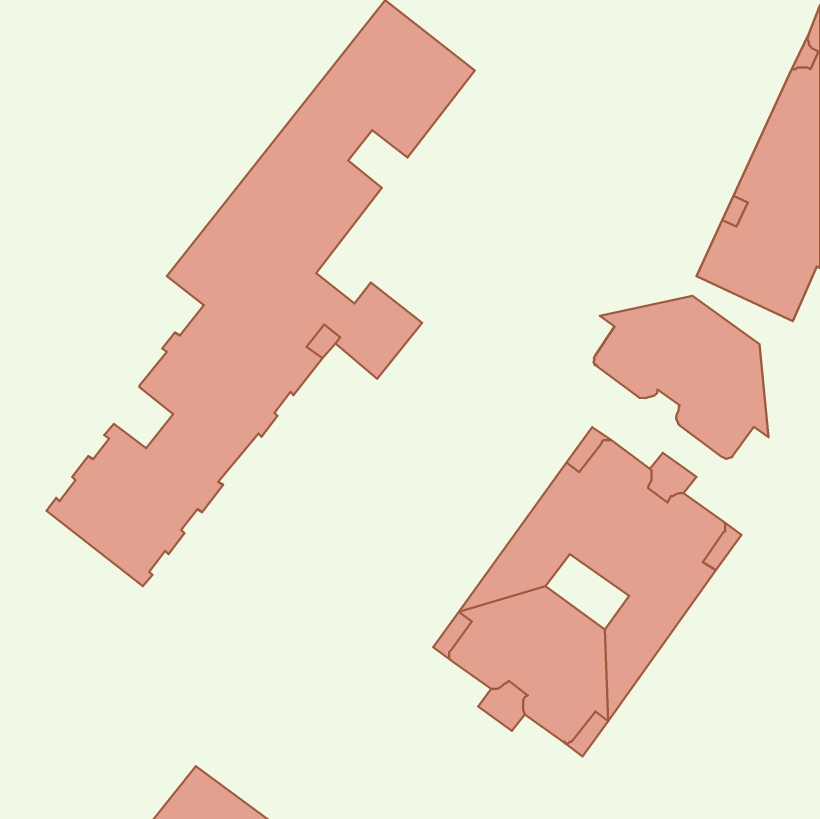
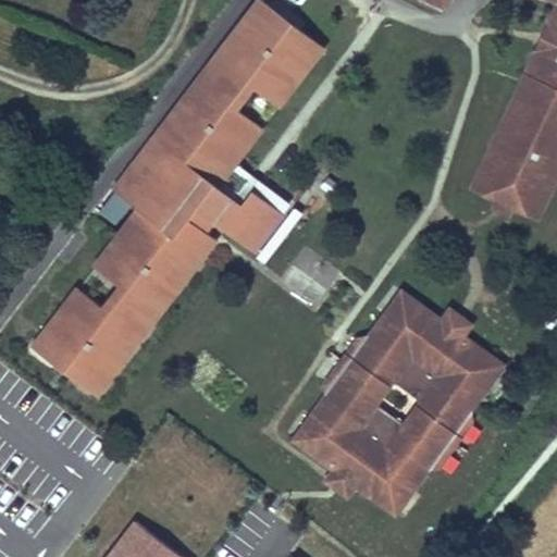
building: [593,296,768,459] -> none

